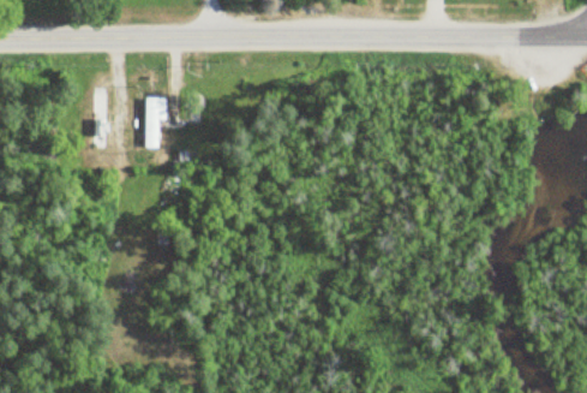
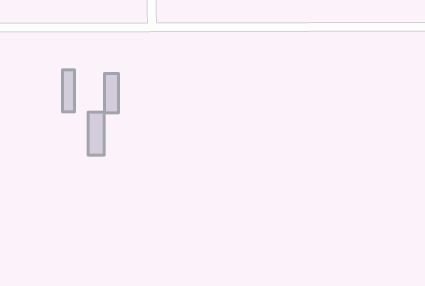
building: none -> [88,112,104,155]

